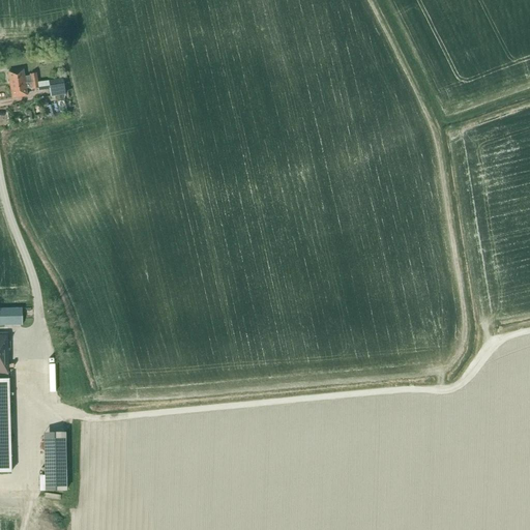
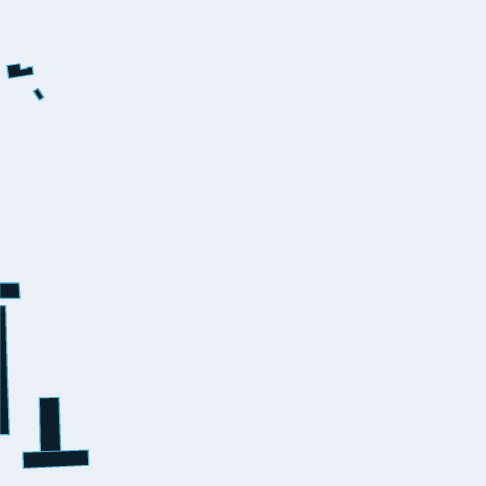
building: [9,79,63,97] -> none
building: none -> [23,450,88,468]

